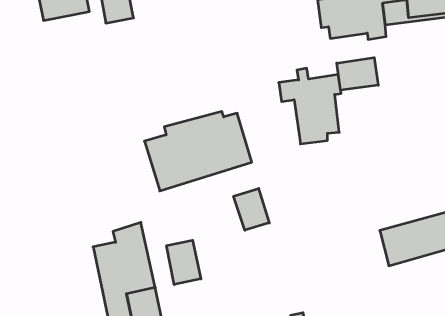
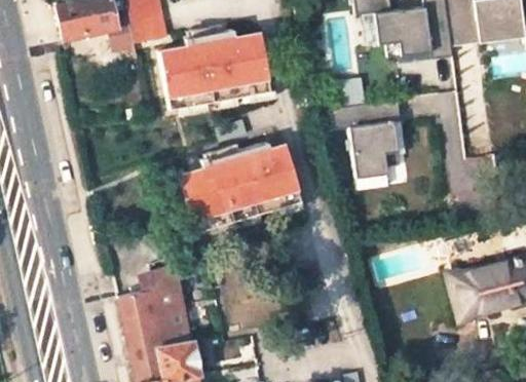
building: none -> [158,30,269,111]
building: [337,58,378,90] -> none
building: [234,188,269,230] -> none
building: [167,240,201,285] -> none

